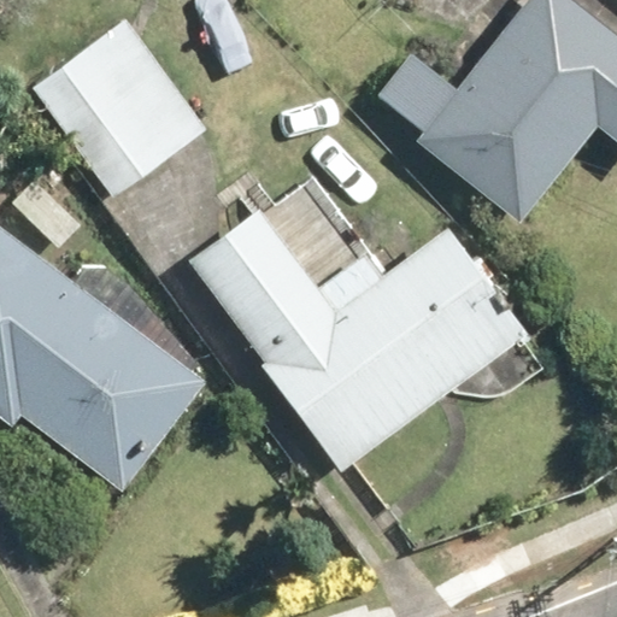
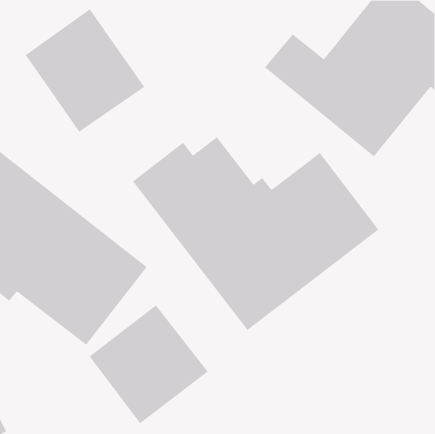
building: none -> [89,304,208,424]

